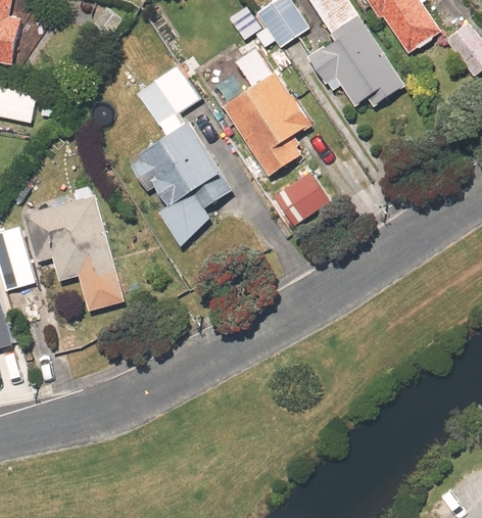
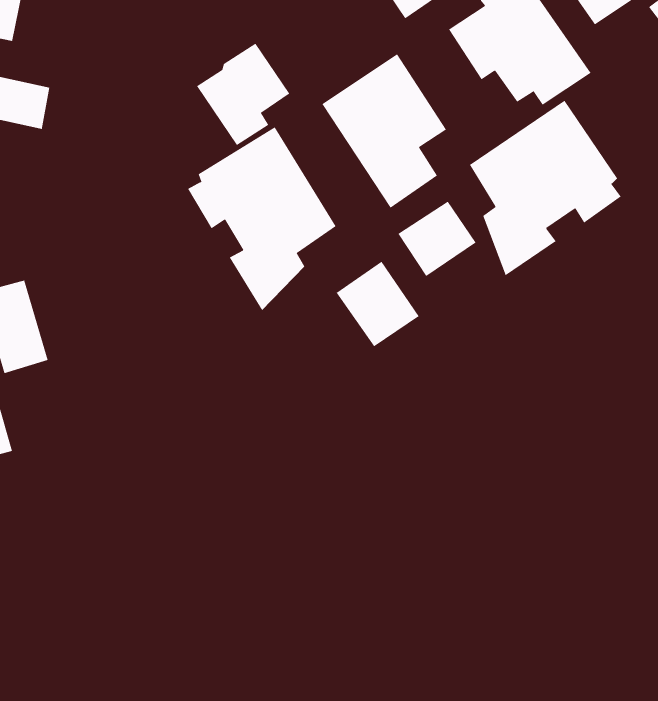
building: none -> [469,100,622,276]
building: [23,195,124,310] -> none
building: none -> [336,261,419,347]

